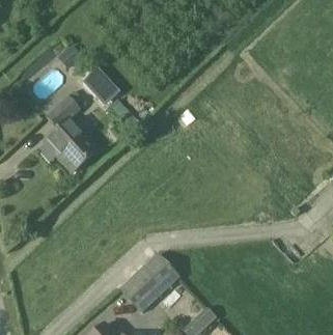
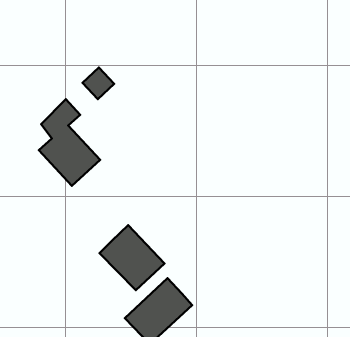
building: none -> [100,225,165,290]

